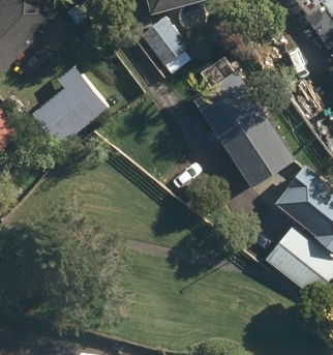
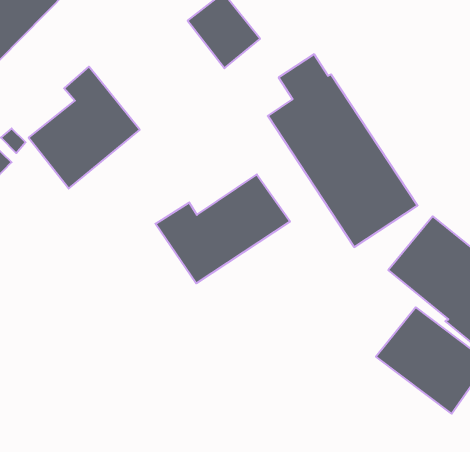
building: none -> [155,174,290,283]

